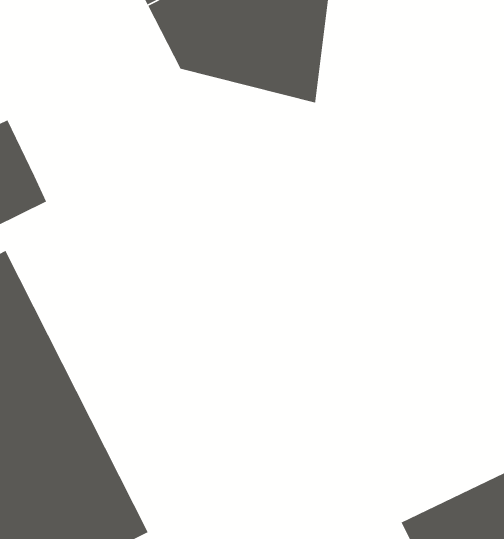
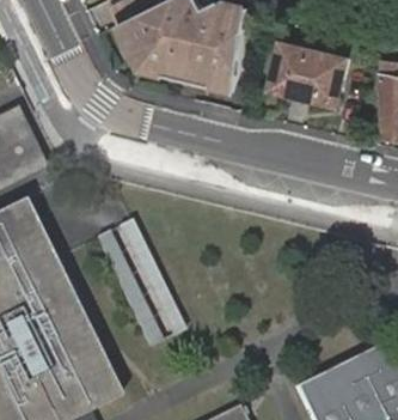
building: none -> [274,47,349,106]
building: none -> [106,218,185,347]

